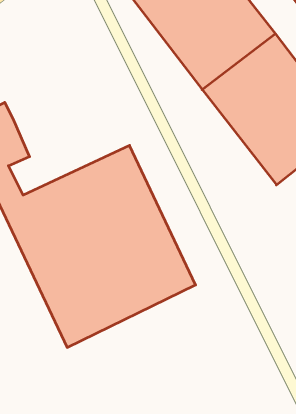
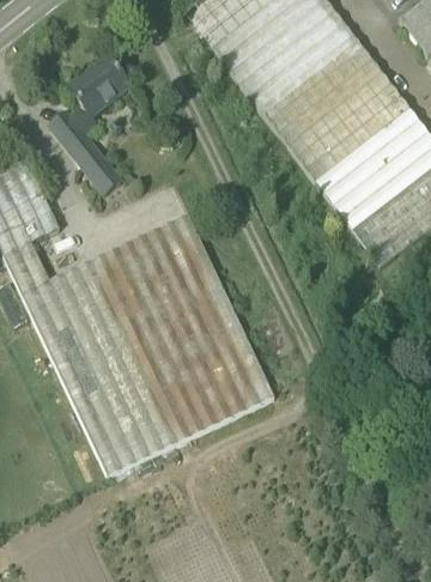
building: none -> [49,55,130,195]

